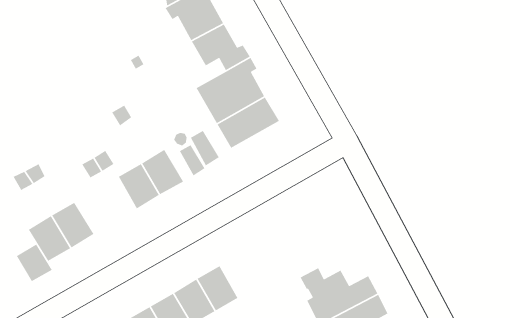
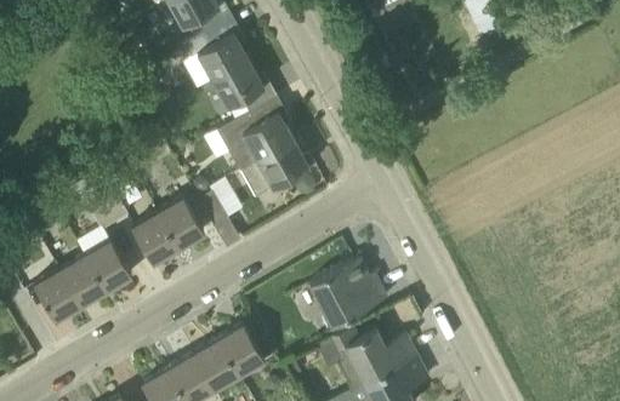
building: none -> [84,240,131,291]
building: none -> [308,258,386,326]
building: [16,243,53,282] -> none

